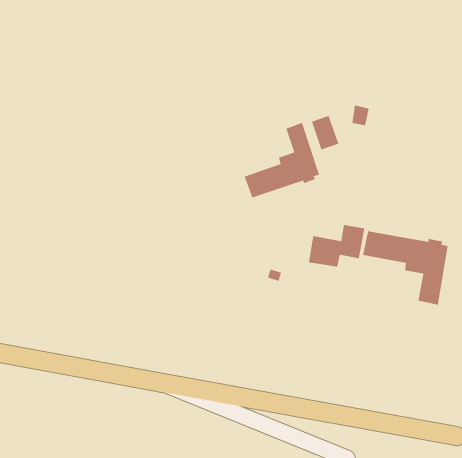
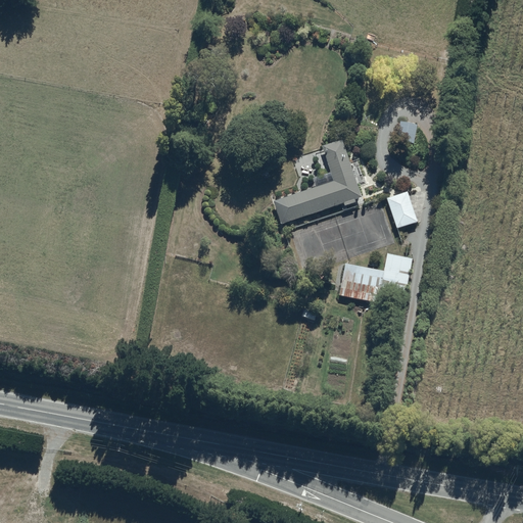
building: [311,115,339,150] -> [385,188,417,228]
building: [363,231,448,305] -> none

